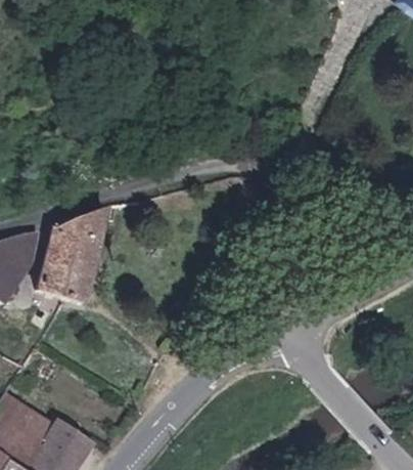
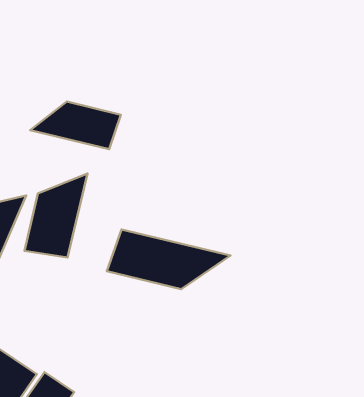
building: none -> [30,102,121,149]
building: none -> [107,230,230,289]

